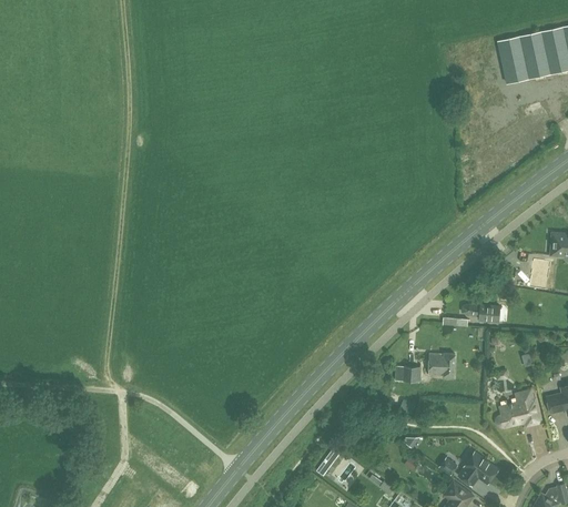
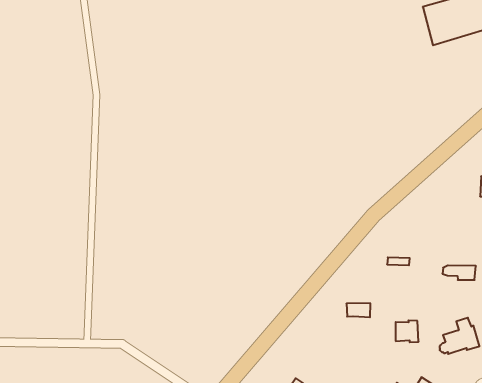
building: [463,303,500,321] -> [442,265,476,280]
building: [428,352,454,376] -> [396,320,419,342]

